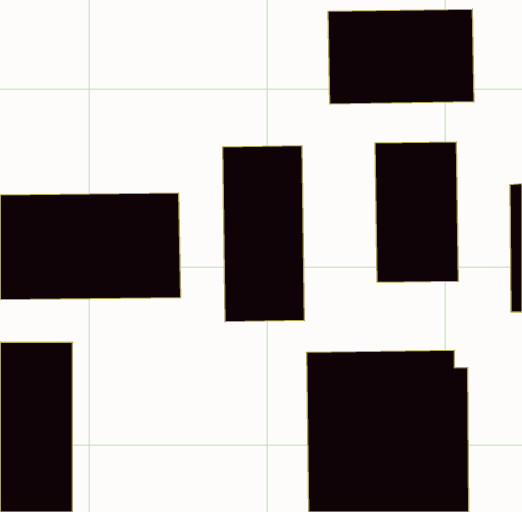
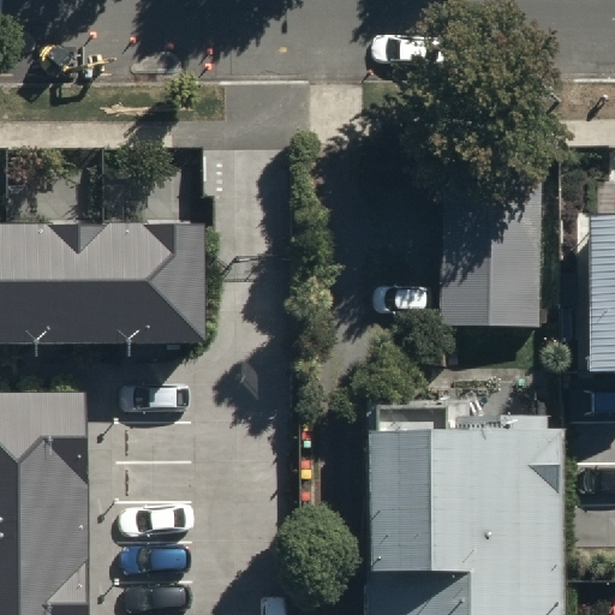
building: [328,9,474,104] -> none
building: [223,146,304,322] -> none

